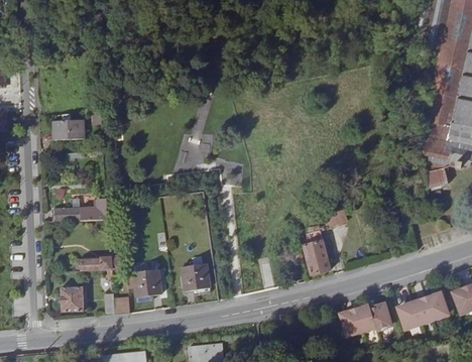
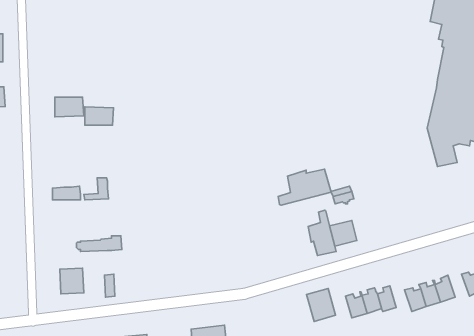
building: none -> [85,107,114,125]
building: none -> [278,169,331,205]
building: none -> [330,220,357,246]
building: [182,261,211,288] -> none
building: [134,267,162,294] -> none
building: none -> [307,288,336,321]

